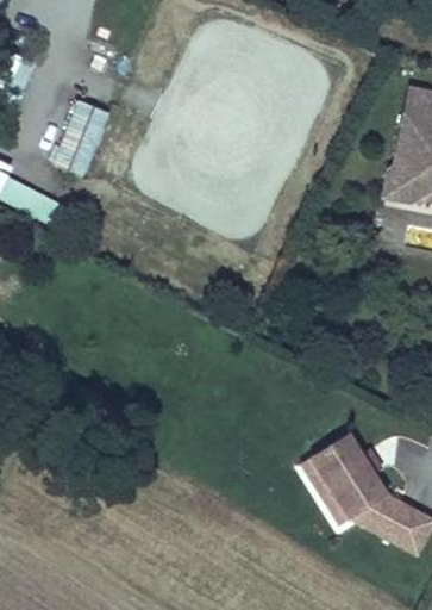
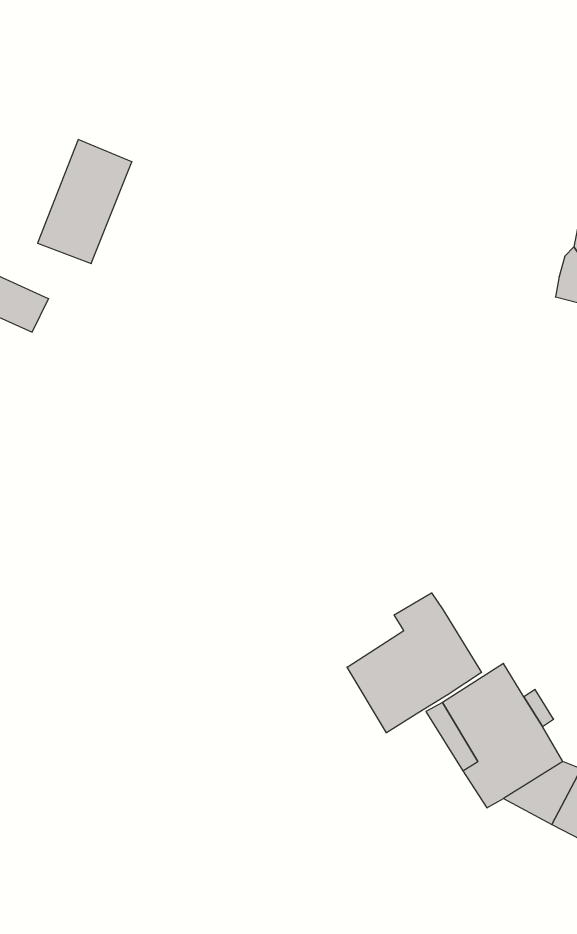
building: none -> [347,593,481,733]

